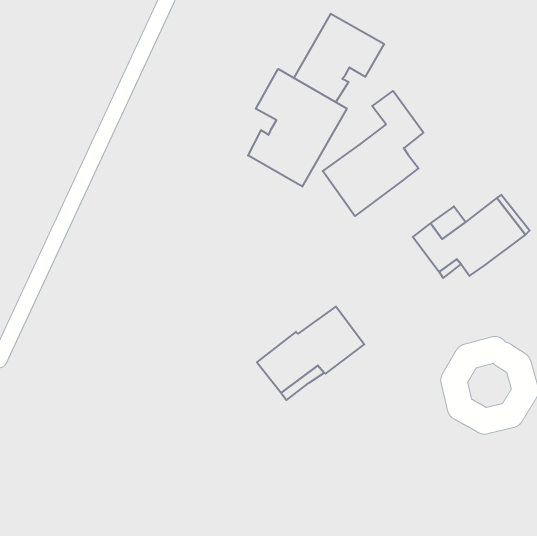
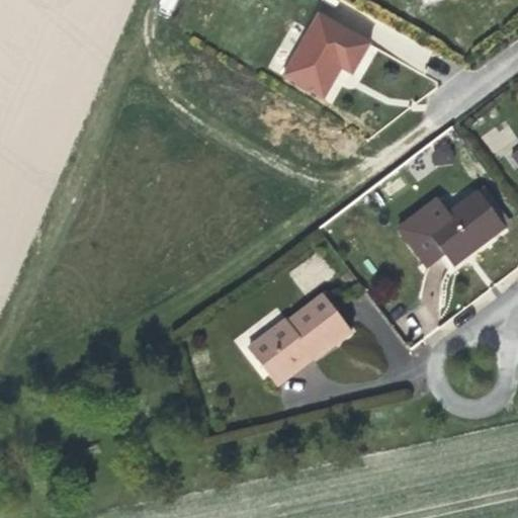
building: [248,69,347,187] -> none
building: [323,91,423,216] -> none

